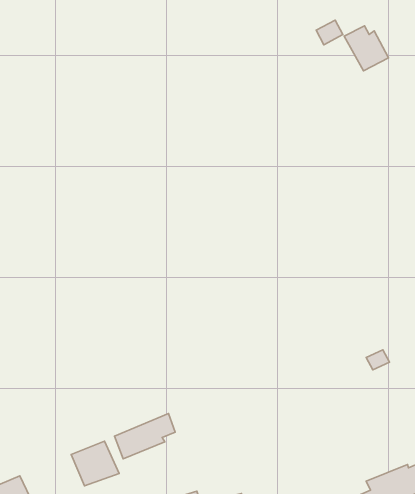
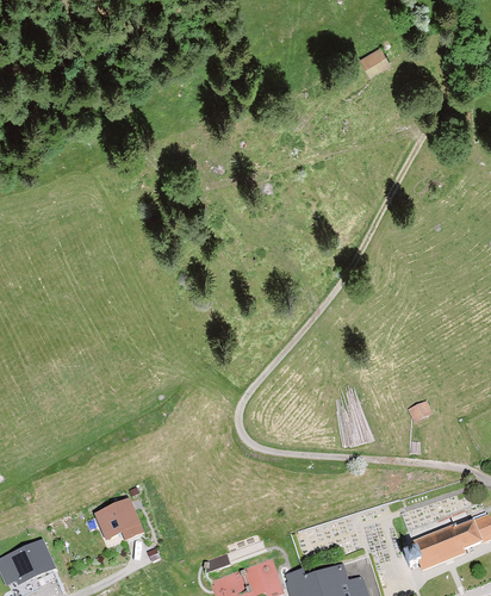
building: [344,26,389,71] -> none
building: [114,414,175,459] -> none

